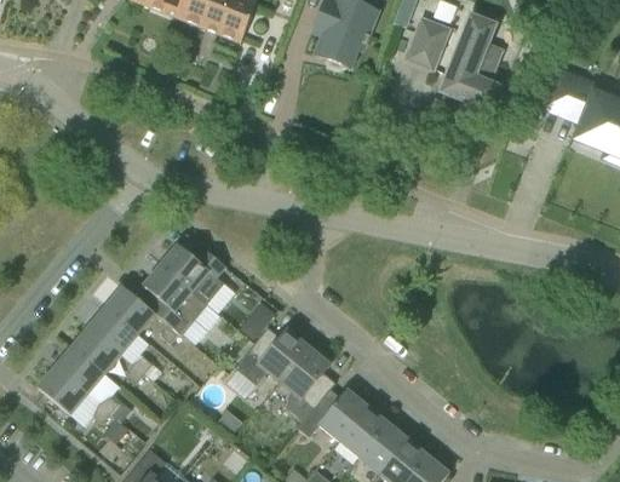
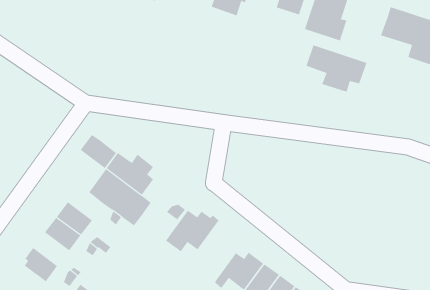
building: none -> [306,44,367,92]
building: [105,286,155,334] -> [80,134,117,169]
building: [279,344,335,423] -> none
building: [54,346,104,394] -> none

